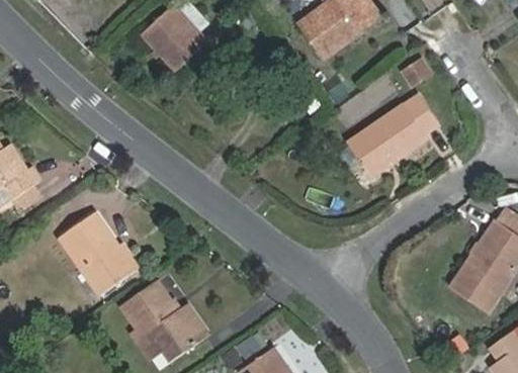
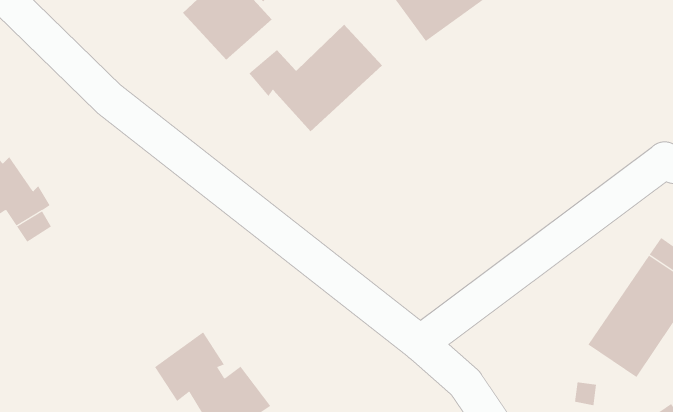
building: none -> [249,24,383,132]
building: [346,94,437,174] -> none
building: [59,210,138,295] -> none

